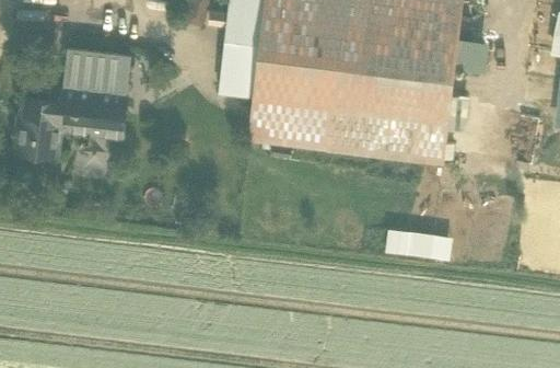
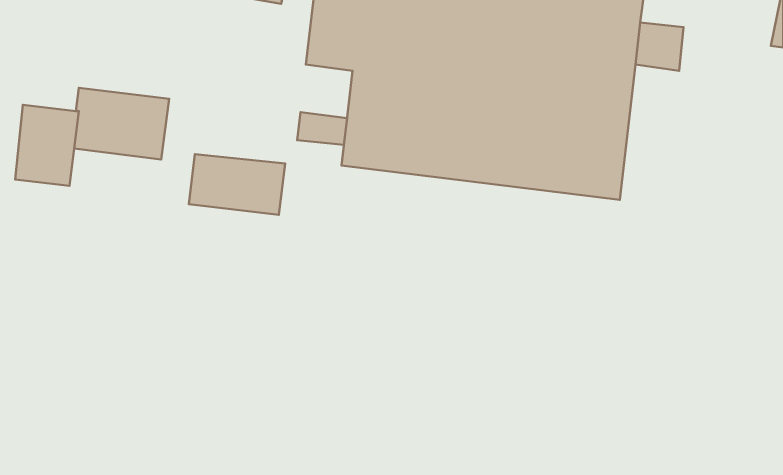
building: [63,46,131,89] -> [189,154,285,215]
building: [221,65,256,88] -> [297,112,347,145]
building: [385,227,453,258] -> none

